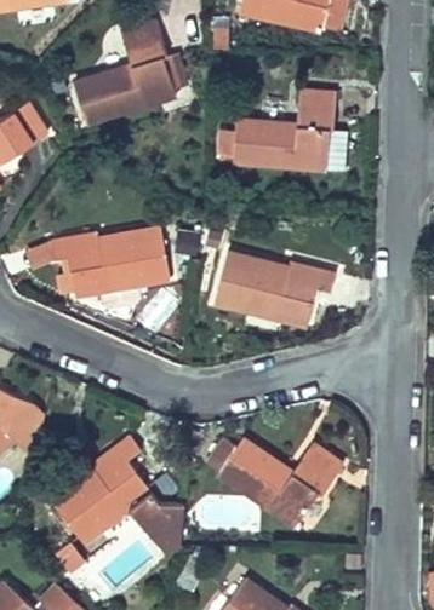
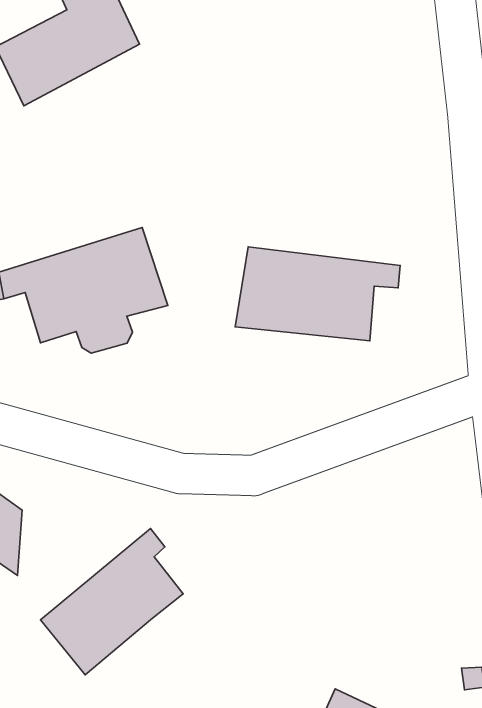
building: [224,87,349,177] -> none
building: [222,435,346,520] -> none
building: [127,490,178,554] -> none

